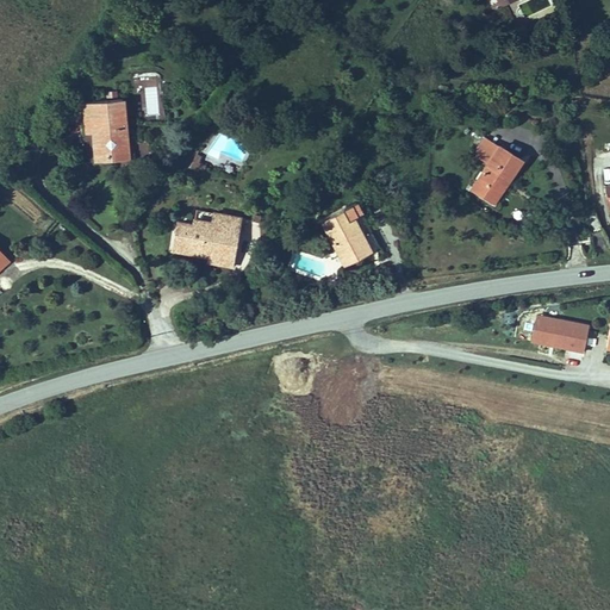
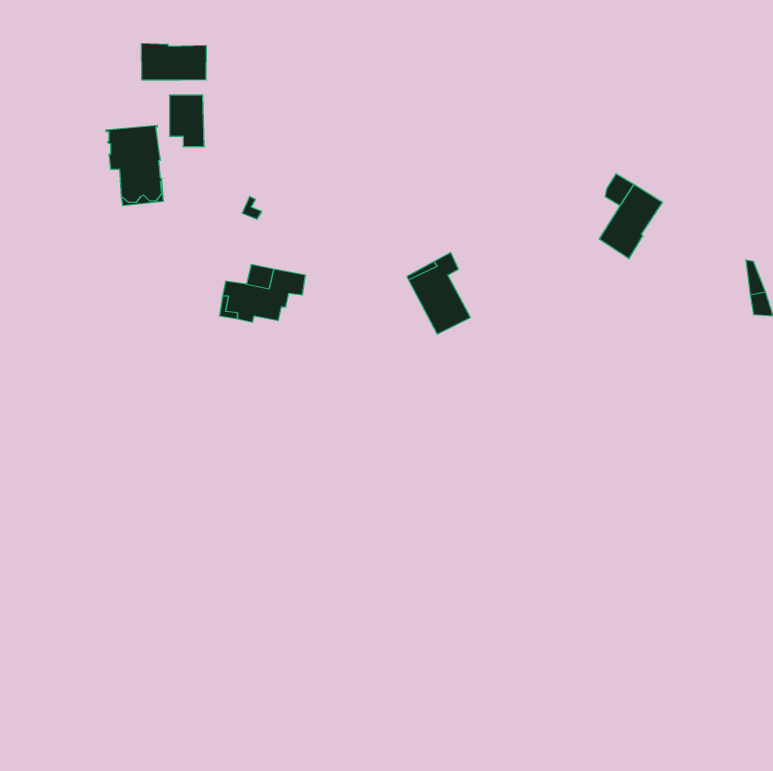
building: none -> [142,43,206,80]
building: [198,232,238,266] -> none
building: [530,317,587,353] -> none

